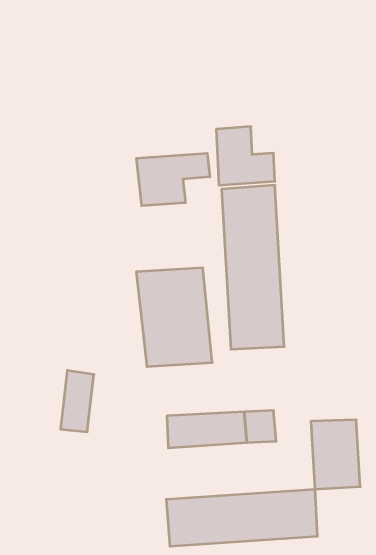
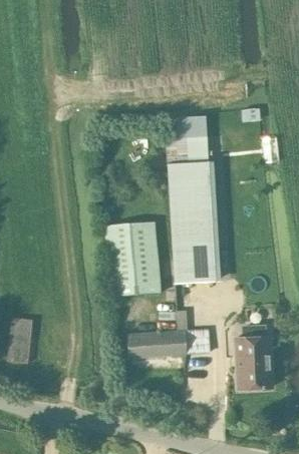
building: [137,153,210,206] -> none
building: [61,370,94,432] -> [8,317,33,363]
building: [166,489,317,546] -> none

